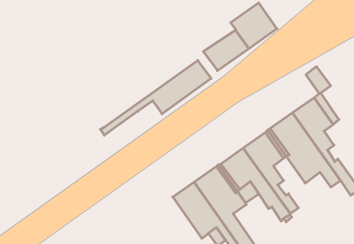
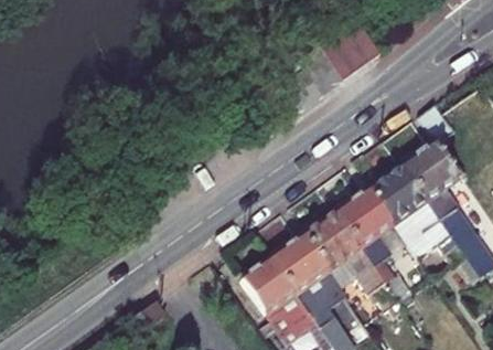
building: [100,60,211,135] -> none

